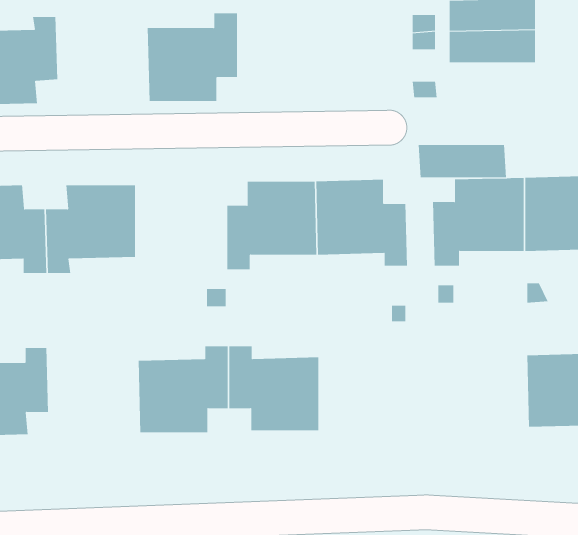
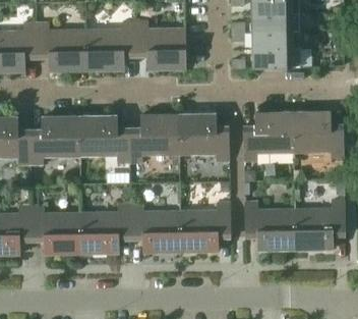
building: none -> [135,21,186,69]
building: none -> [36,22,86,71]
building: [418,145,507,178] -> [251,49,300,67]
building: none -> [79,115,129,164]
building: none -> [180,203,230,252]
building: none -> [244,203,295,251]
building: none -> [31,206,81,254]

